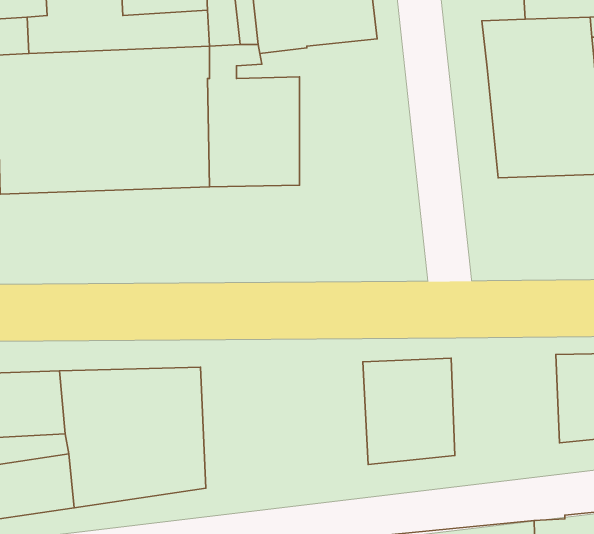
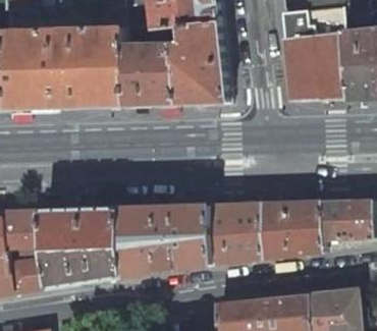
building: none -> [176,22,228,105]
building: none -> [262,201,323,258]
building: none -> [120,205,215,276]

